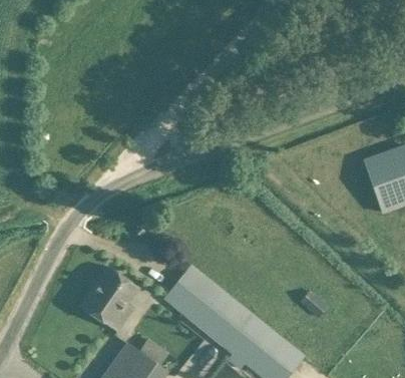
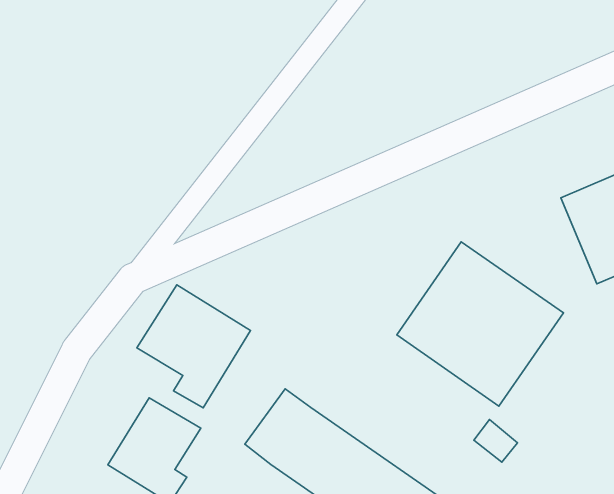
building: none -> [397,242,563,406]
building: none -> [137,285,251,408]

